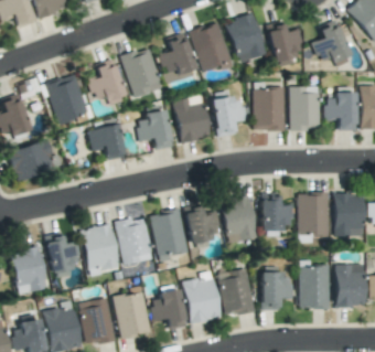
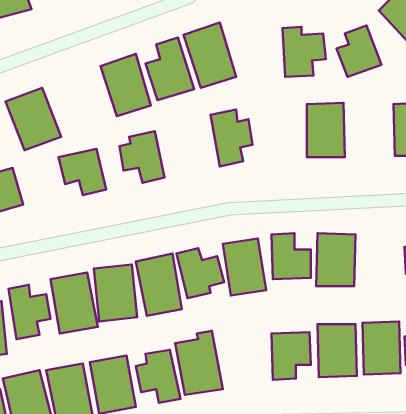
building: [225,13,267,64] -> none
building: [88,60,126,106] -> none
building: [253,88,285,131] -> none
building: [324,89,356,131] -> none
building: [173,95,210,142] -> none
building: [333,194,363,236] -> none
building: [218,269,254,316] -> none

